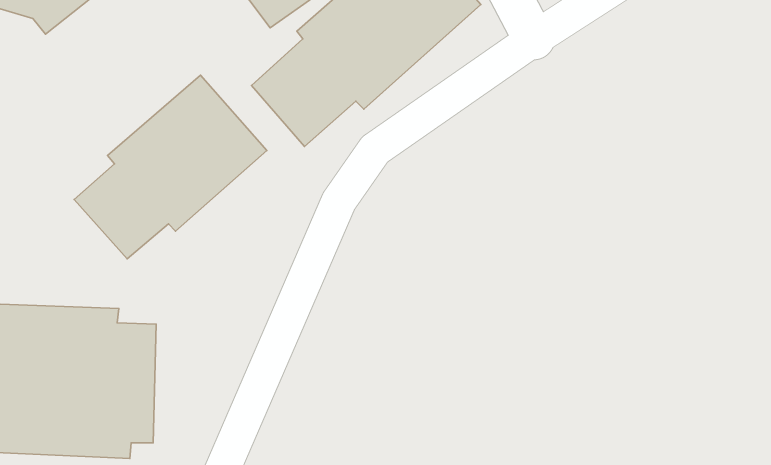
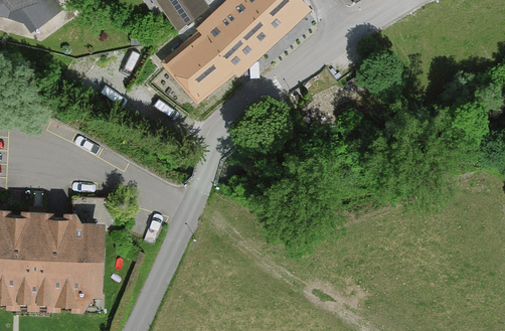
building: [74,75,267,259] -> none

